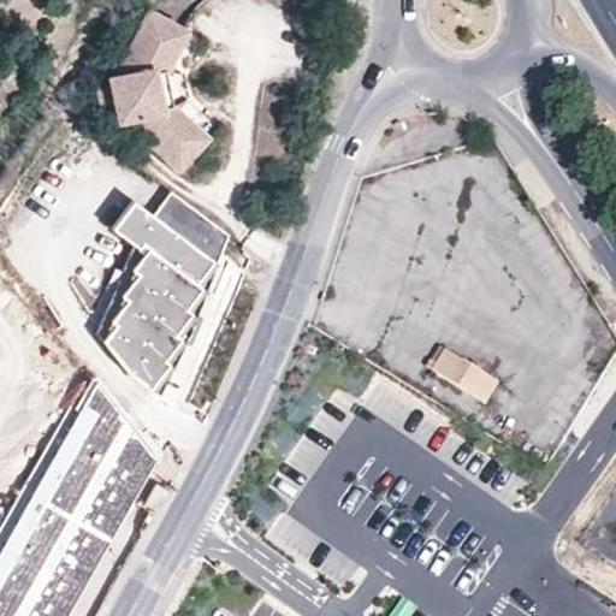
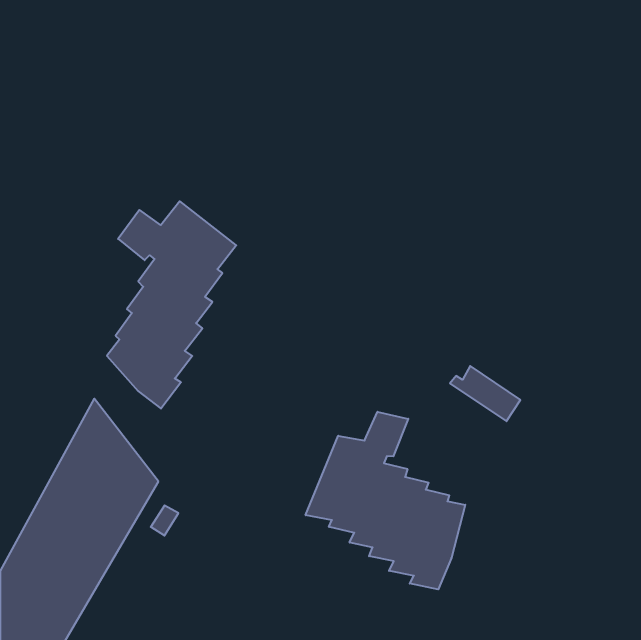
building: [113,8,209,168] -> none
building: none -> [306,412,465,589]

